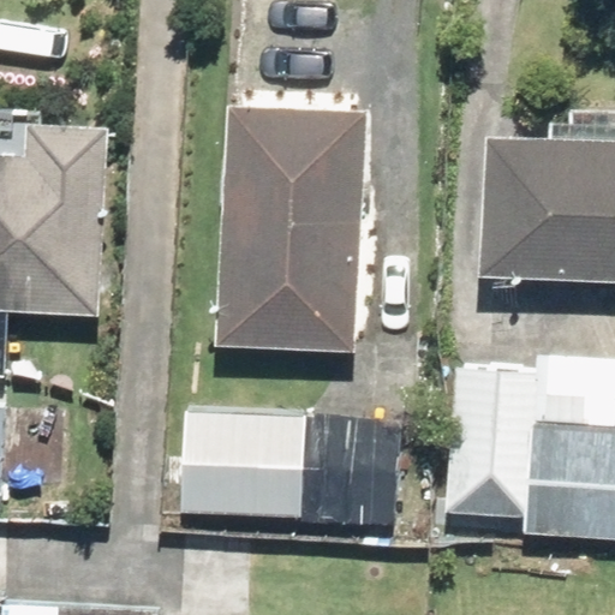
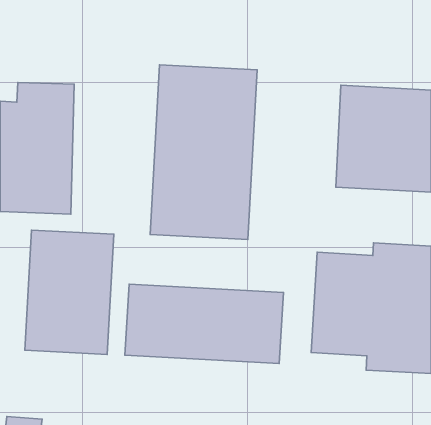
building: none -> [25,230,114,354]

